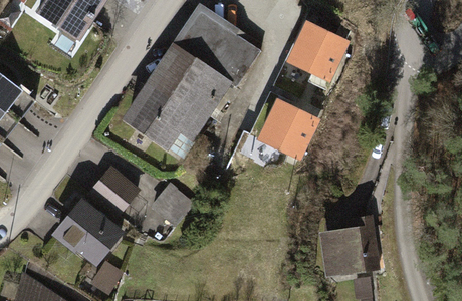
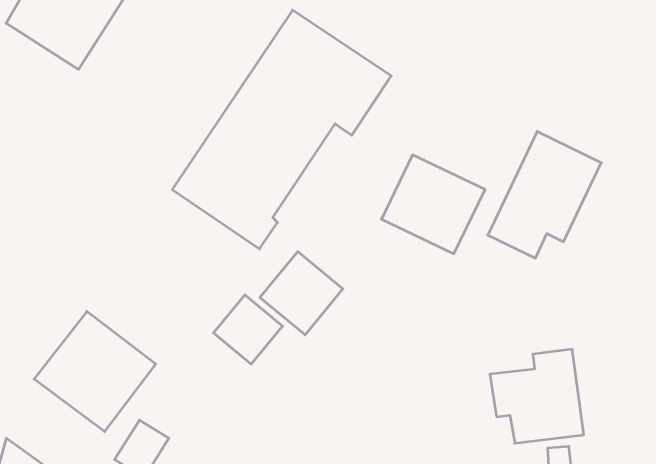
building: [278,22,348,99] -> [488,131,601,258]
building: none -> [260,252,343,335]
building: [86,165,140,218] -> none

